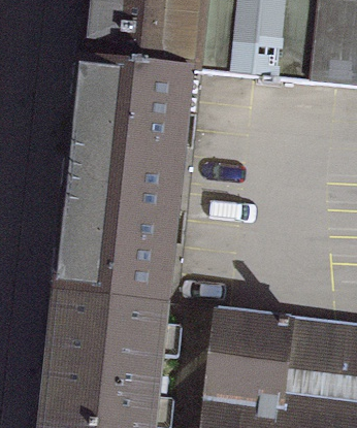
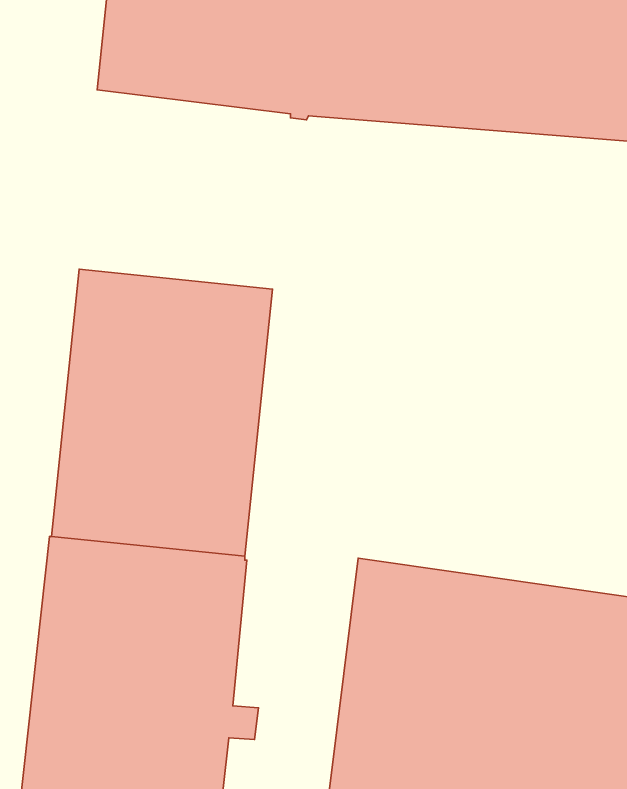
building: [73,61,183,164] -> none

